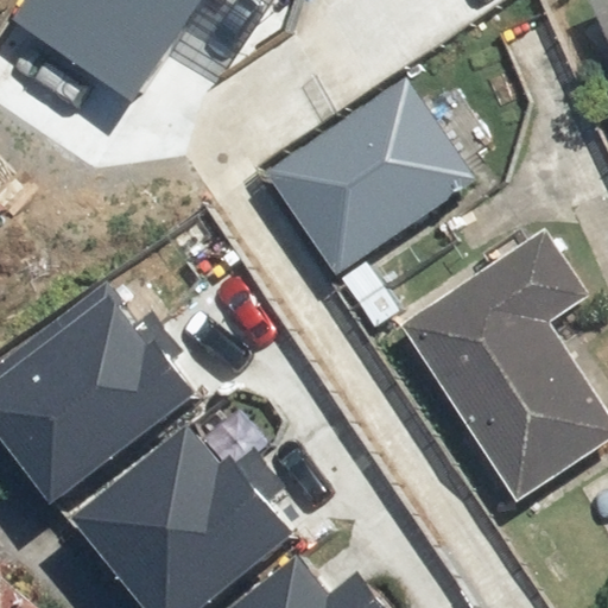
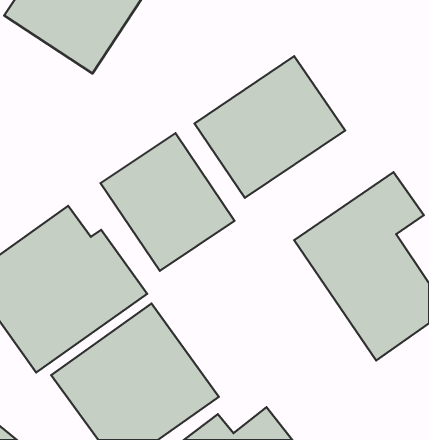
building: none -> [100,133,234,271]

